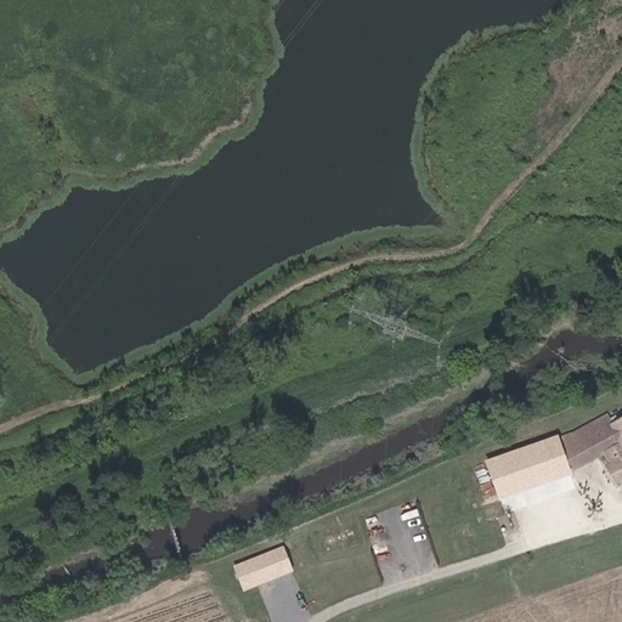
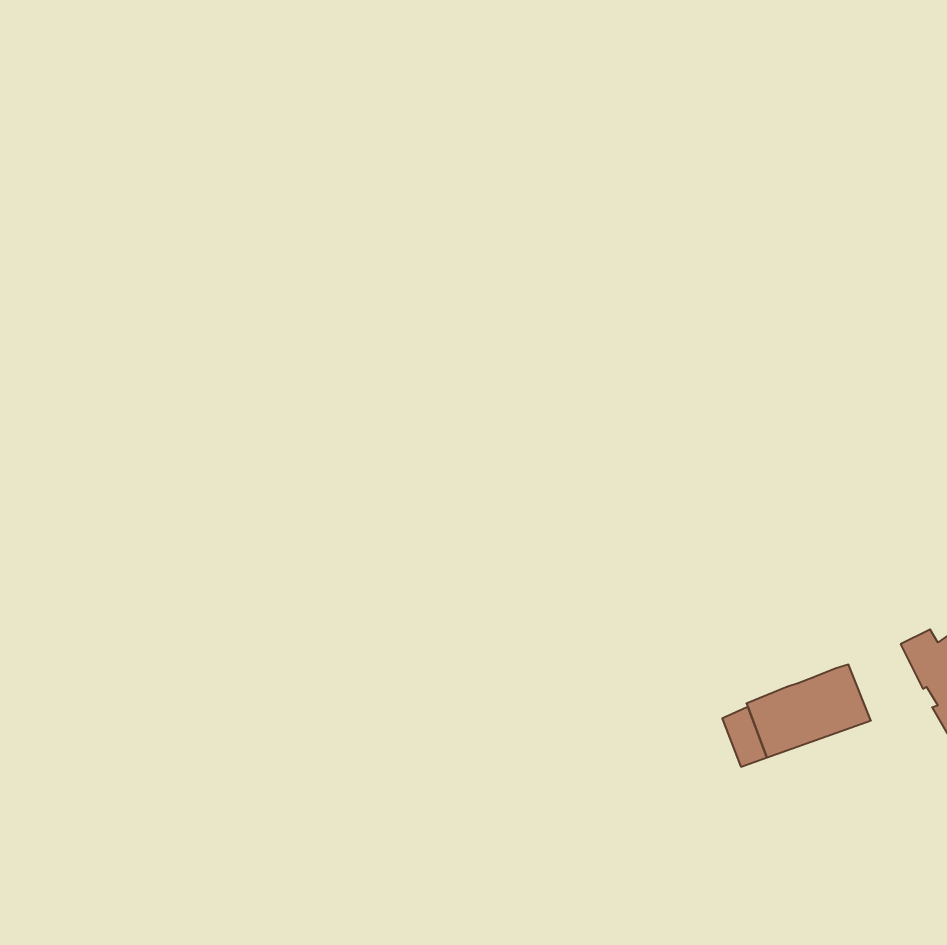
building: [558,422,605,465] -> none
building: [239,548,292,588] -> none

